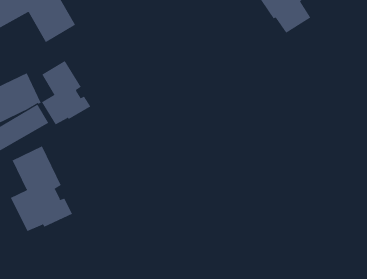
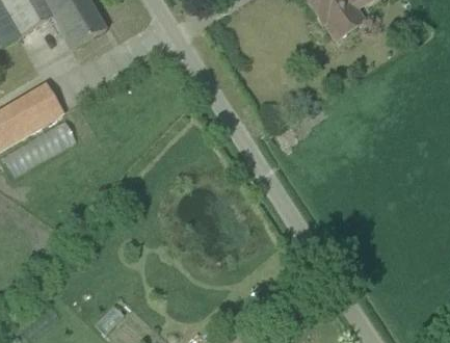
building: [41,60,91,125] -> none
building: [10,146,73,232] -> none

